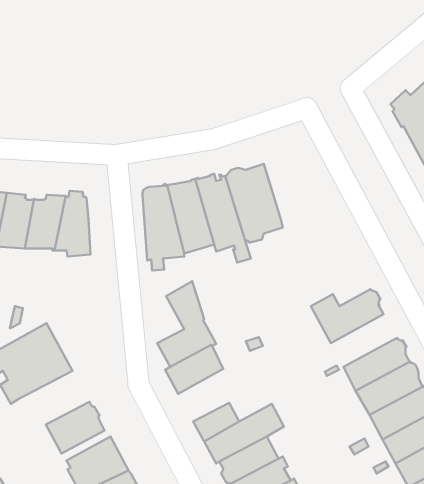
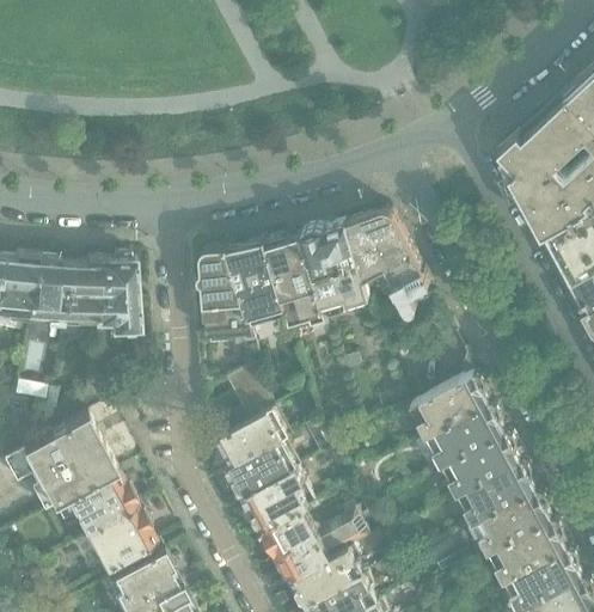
building: none -> [347,213,435,313]
building: none -> [427,405,506,469]
building: none -> [244,471,316,534]
building: none -> [53,473,137,538]

